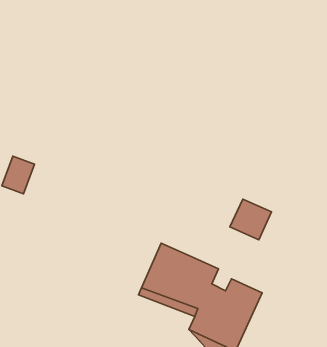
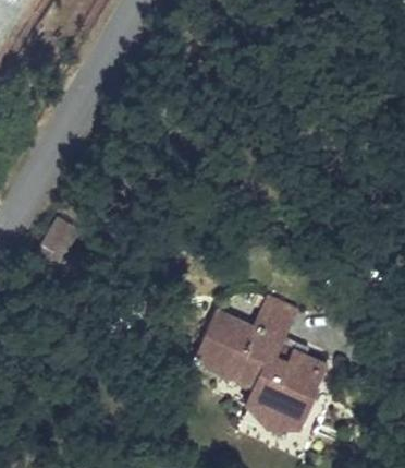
building: [230,199,272,240] -> [253,297,298,341]

